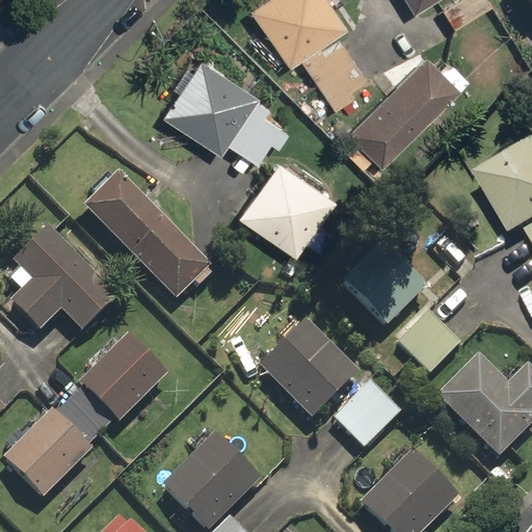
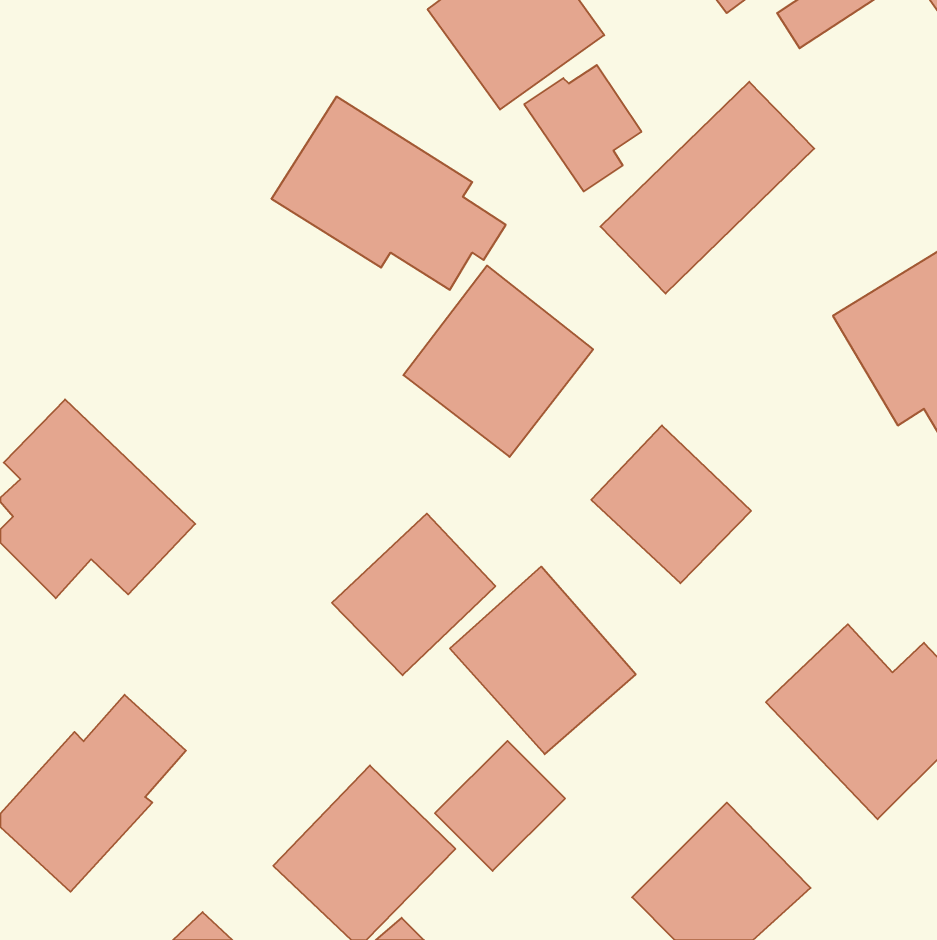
building: [82,169,212,301] -> none
building: [396,303,464,373] -> none
building: [78,331,169,422] -> [332,514,495,675]
building: [332,377,405,450] -> [435,741,565,871]

